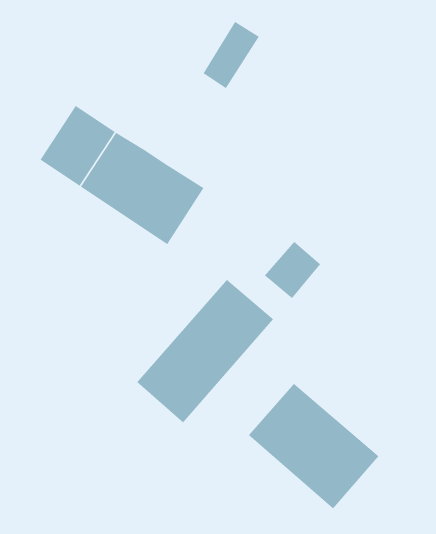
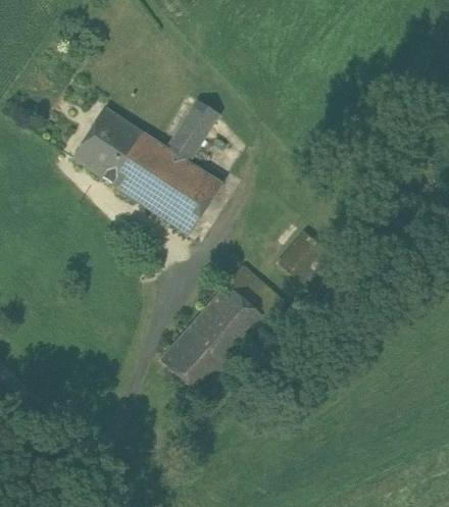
building: [202,21,260,89] -> [166,99,218,161]
building: [248,383,379,510] -> none

